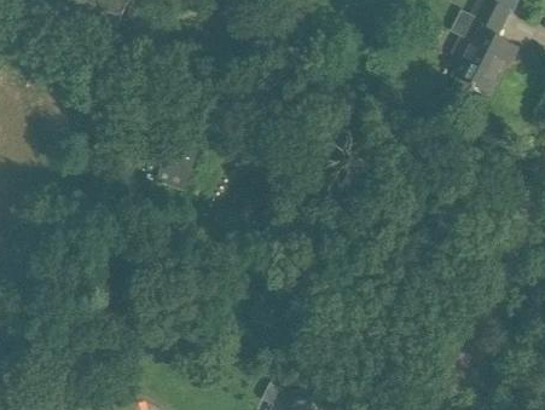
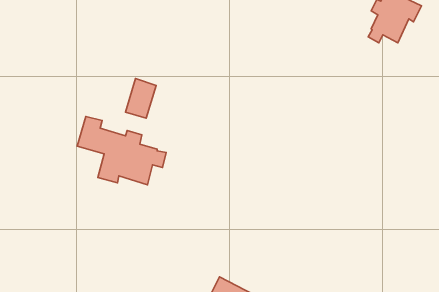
building: none -> [77,116,166,185]

